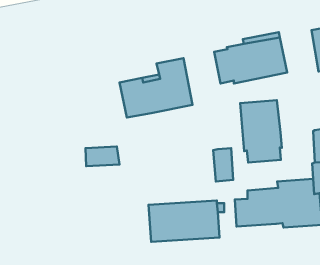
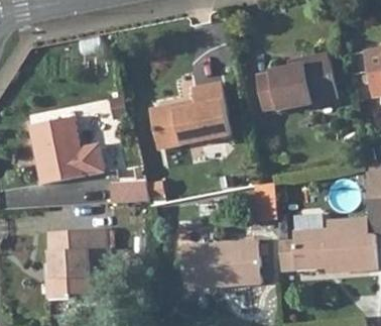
building: none -> [28,116,103,184]
building: [240,100,282,163] -> none
building: none -> [46,228,107,299]

